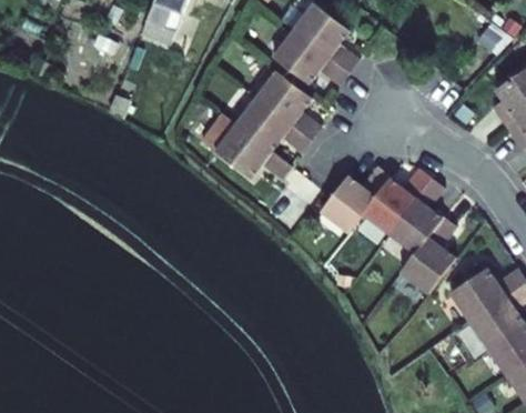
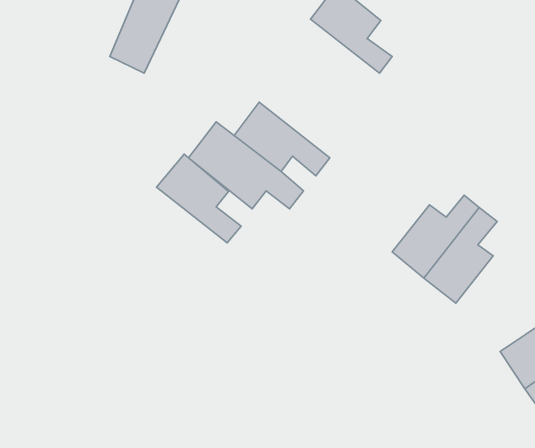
building: [275,27,353,83] -> none
building: [256,67,324,138] -> [157,154,241,243]
building: [321,163,393,232] -> none
building: [399,216,457,294] -> none

